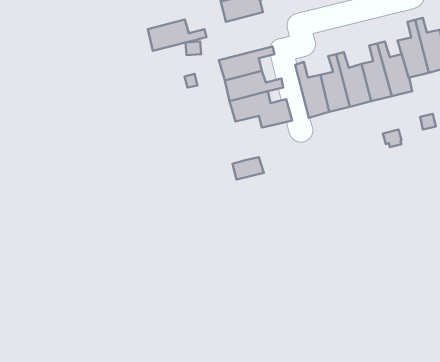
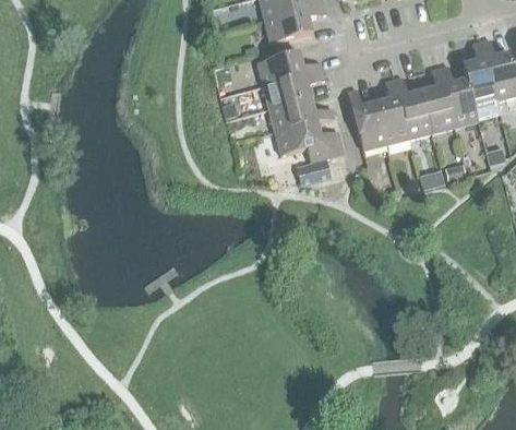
building: [148,20,206,51] -> [257,51,323,86]
building: [233,157,264,180] -> [297,158,332,183]

